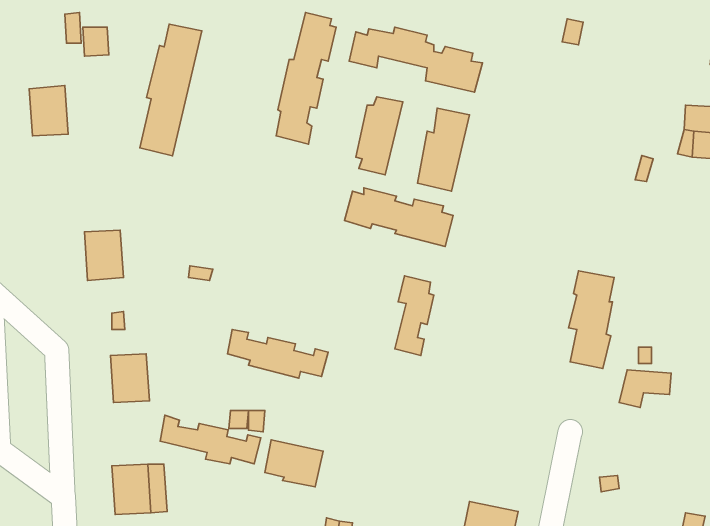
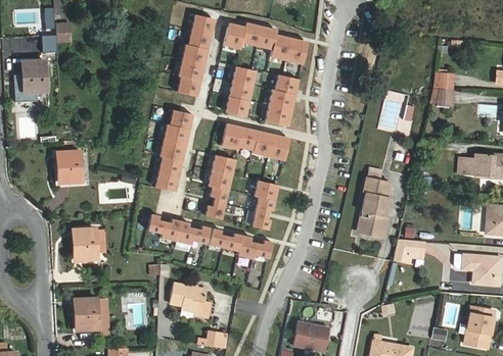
building: [140,24,202,156] -> [154,109,193,192]
building: none -> [204,155,235,218]
building: [160,415,261,464] -> [209,227,272,258]

